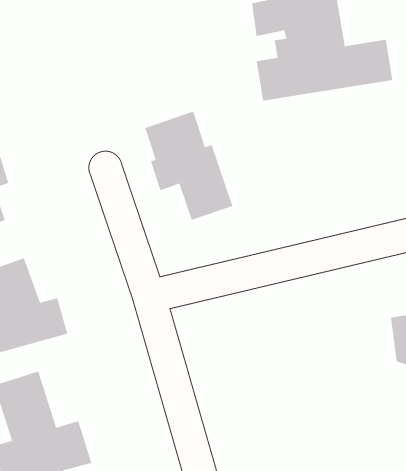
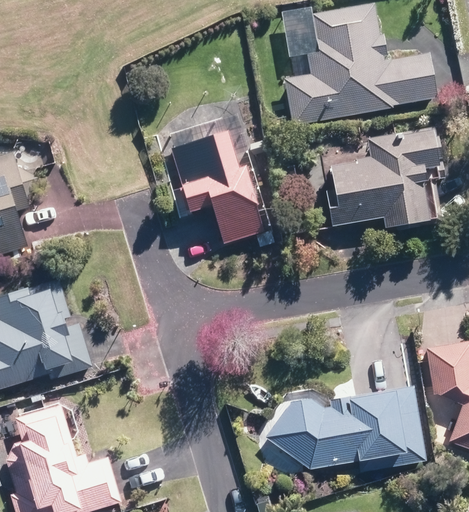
building: none -> [326,127,440,228]
building: none -> [264,384,421,469]

